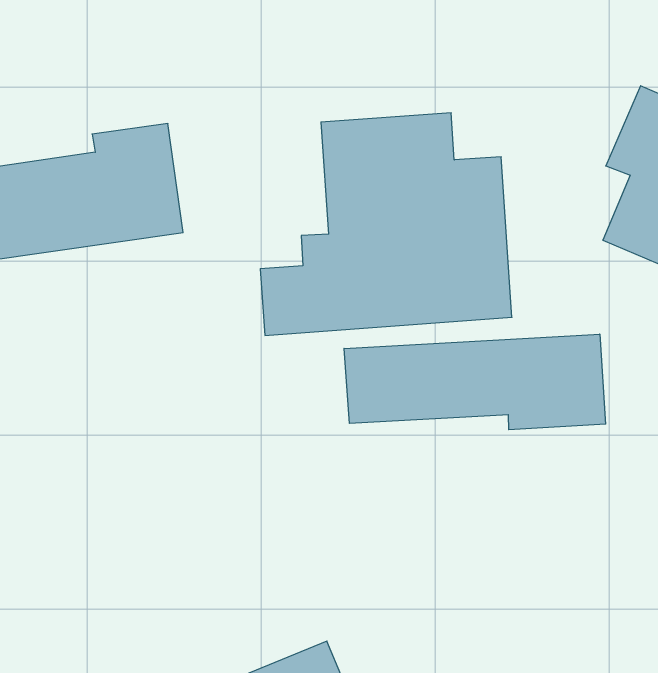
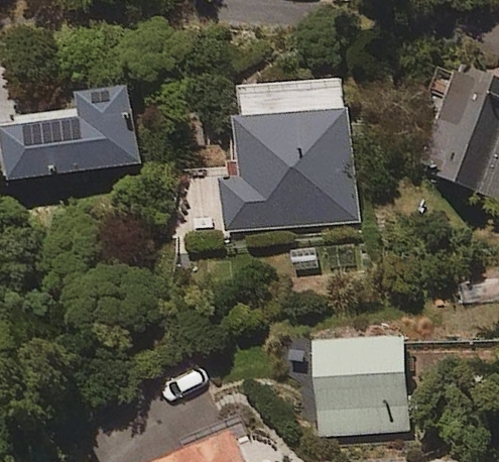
building: [344,334,606,430] -> none
building: none -> [315,337,406,432]

